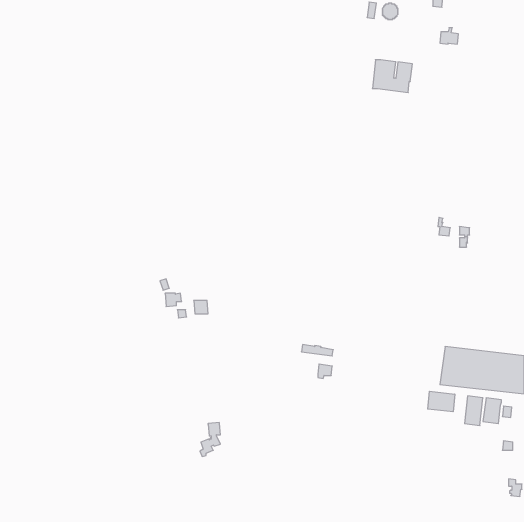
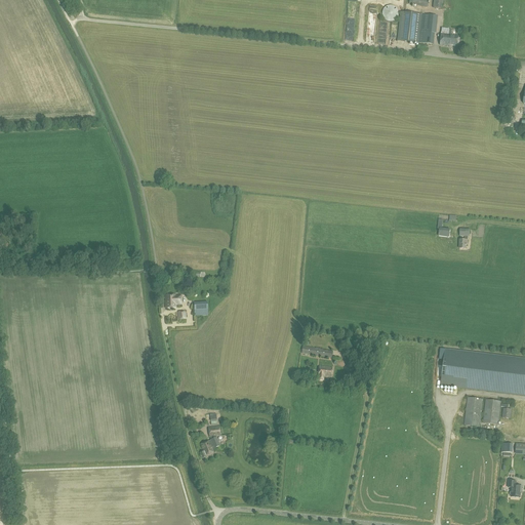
building: [372,60,412,93] -> [398,10,438,43]
building: [428,391,455,412] -> none

